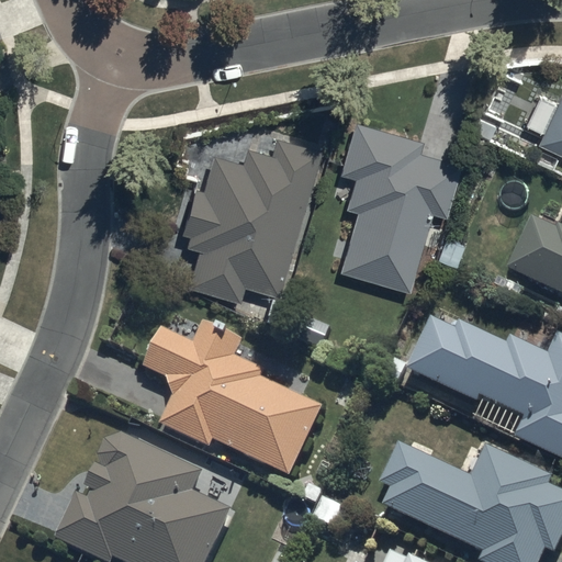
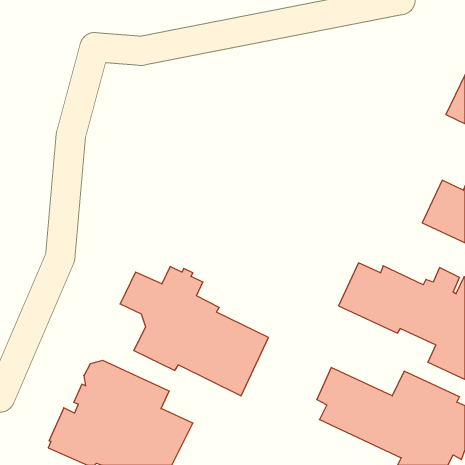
building: [341,116,460,285] -> none
building: [180,133,318,297] -> none

